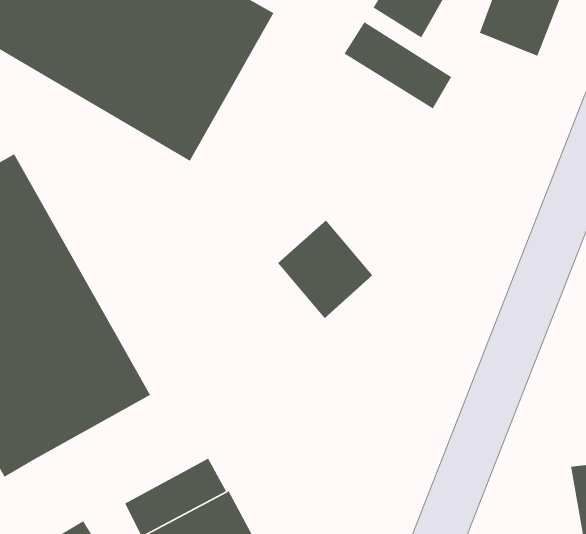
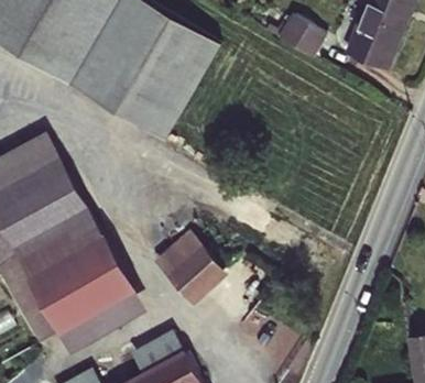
building: [343,21,452,109] -> none
building: [277,219,373,319] -> [159,233,221,298]
building: none -> [59,289,146,352]

